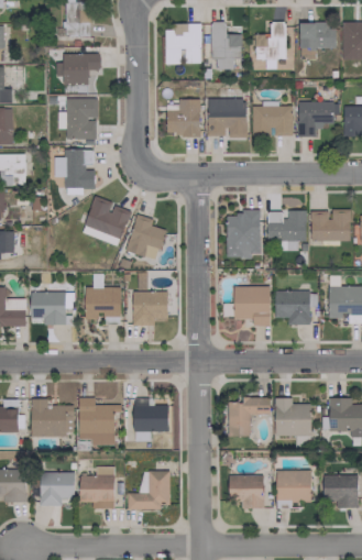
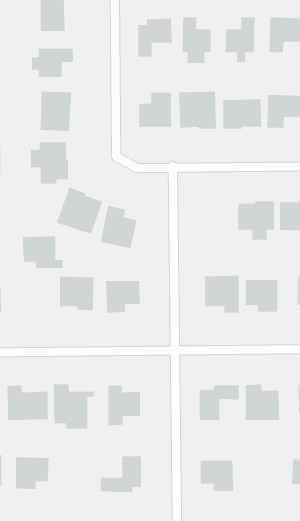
building: [227,212,261,259] -> none
building: [30,290,73,325] -> [22,236,64,269]
building: [79,466,114,508] -> none
building: [275,470,311,507] -> none

